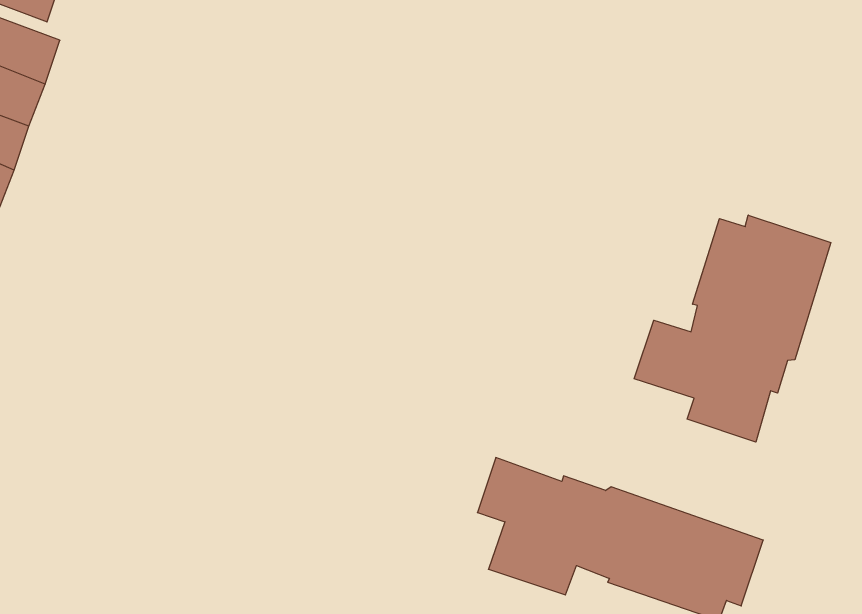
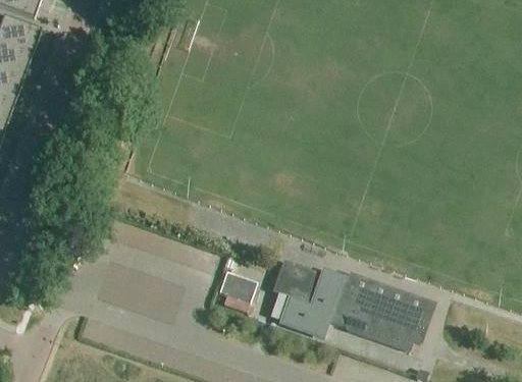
building: [634,215,831,442] -> none
building: none -> [218,270,256,299]

